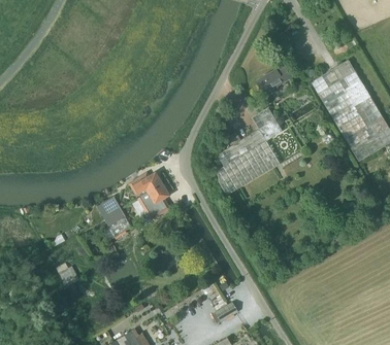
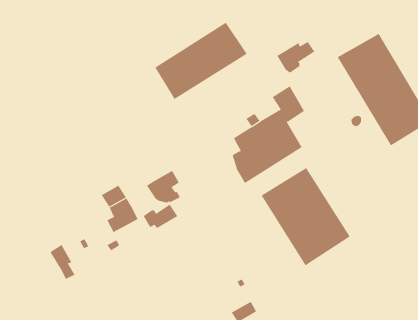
building: none -> [154,22,247,100]
building: [130,172,162,195] -> [143,204,178,229]
building: none -> [261,167,350,266]

